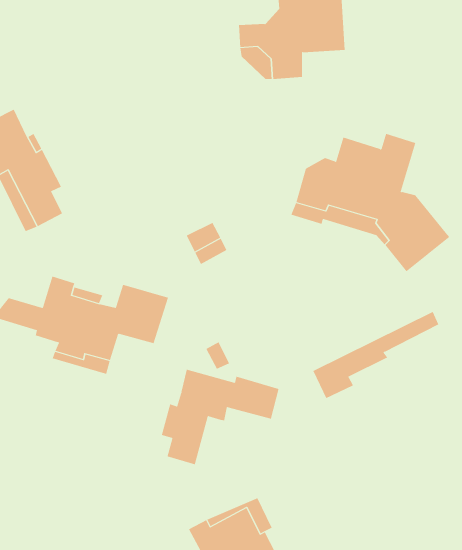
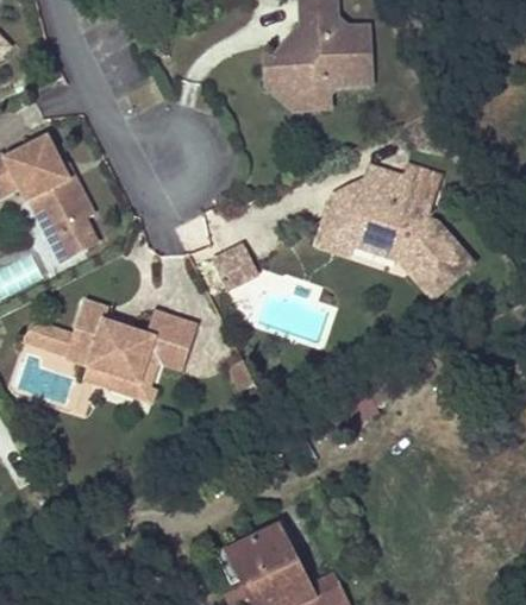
building: [161,369,279,465] -> none

